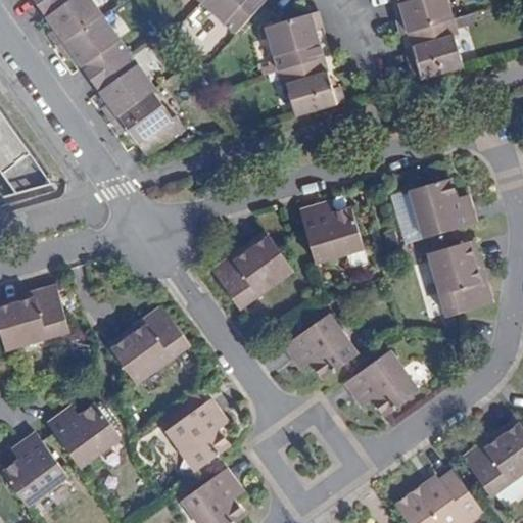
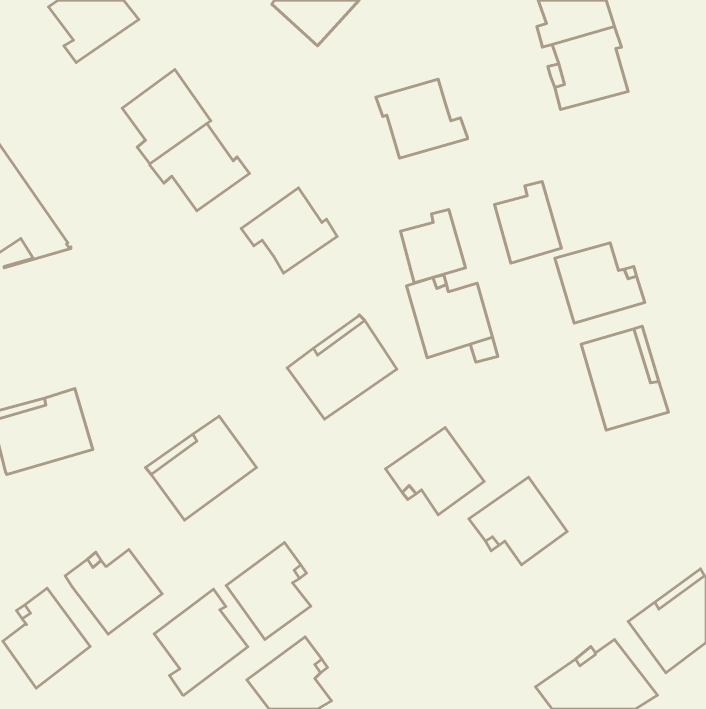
building: [265,11,323,72] -> none
building: [56,14,129,80] -> none
building: none -> [495,181,562,263]
building: none -> [241,188,337,273]
building: none -> [401,209,466,283]
building: none -> [154,589,248,695]

